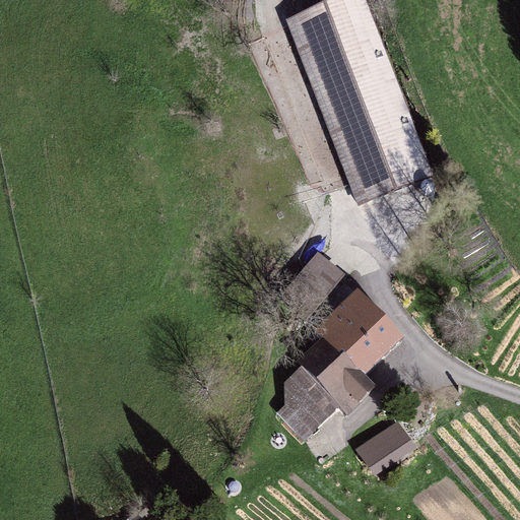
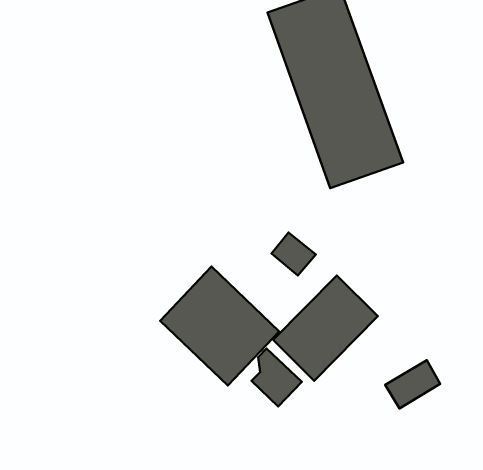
building: none -> [160,267,279,386]
building: [350,426,409,477] -> [385,360,440,409]

